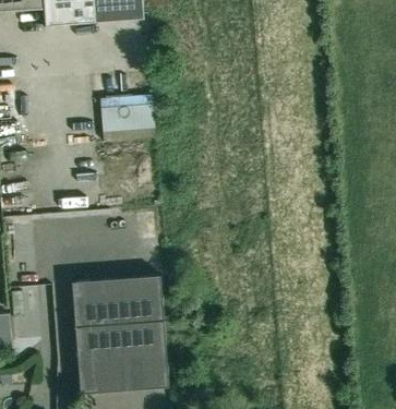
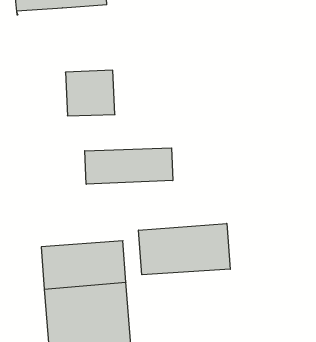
building: none -> [85,148,173,184]
building: none -> [139,223,230,275]

